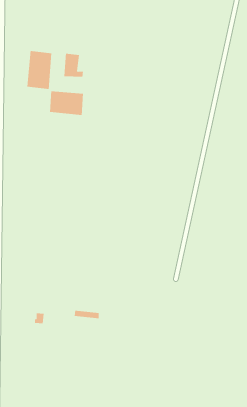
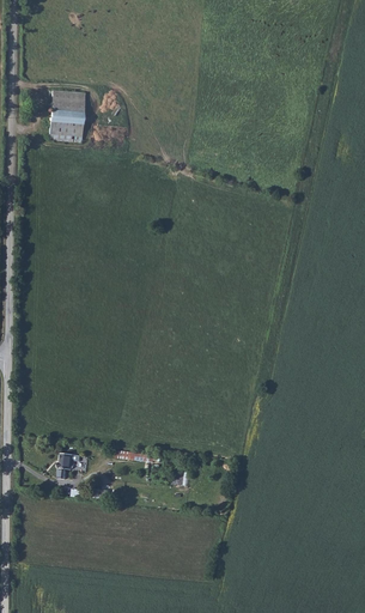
building: [50,91,84,116] -> none

